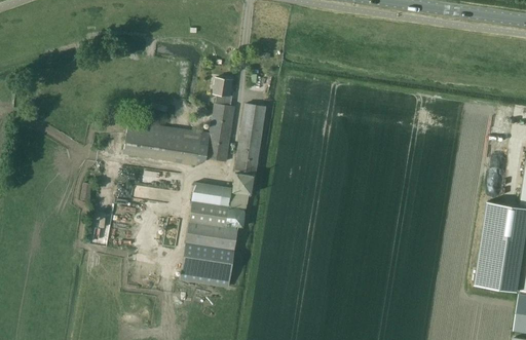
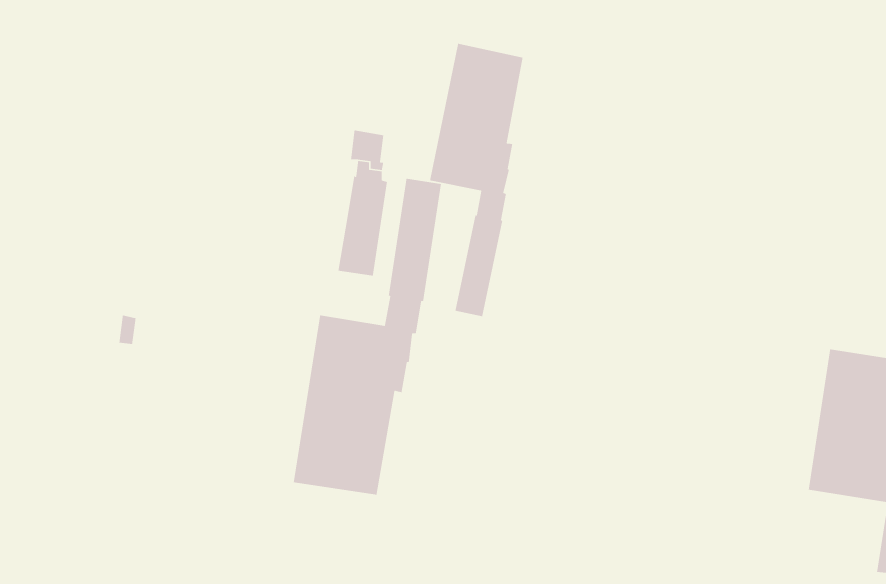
building: none -> [429,43,524,317]
building: [123,120,202,164] -> none

